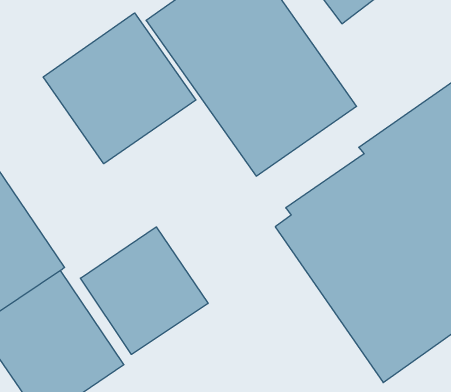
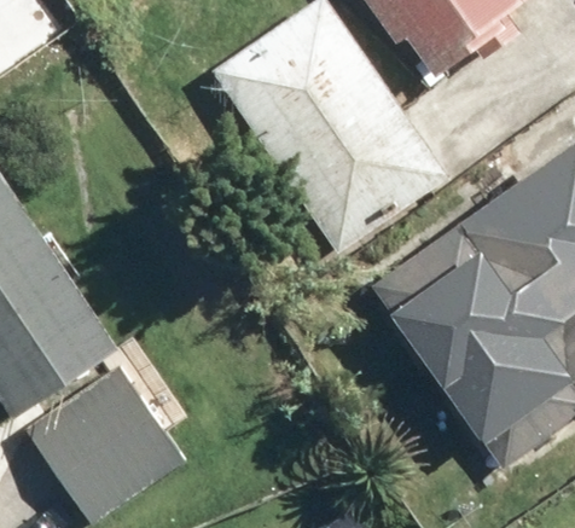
building: [43,13,196,164] -> none
building: [80,227,208,354] -> none

